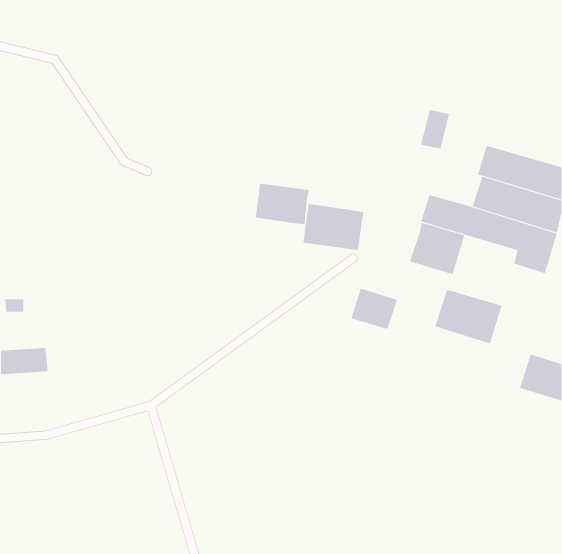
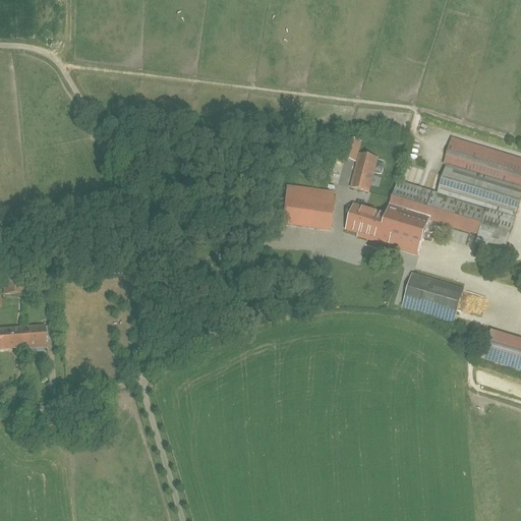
building: [420,110,450,149] -> [350,152,378,188]
building: [255,183,310,225] -> none
building: [350,288,398,329] -> [344,204,388,242]

